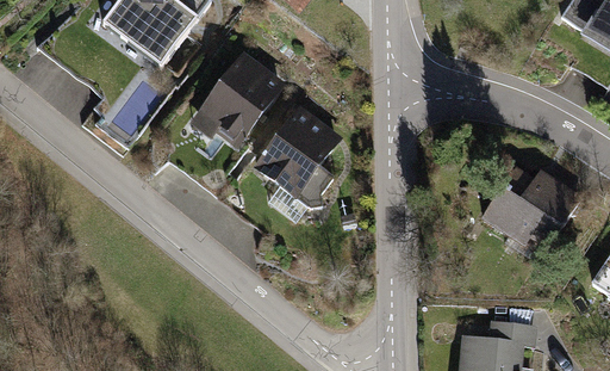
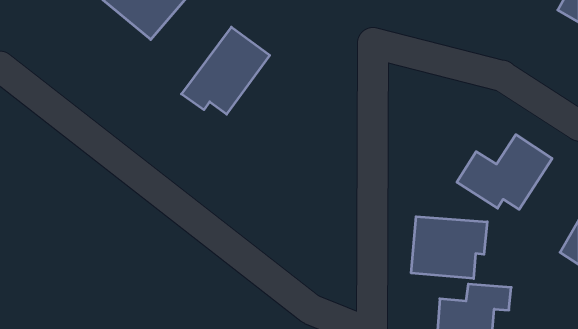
building: [254,104,343,197] -> none
building: none -> [411,217,487,279]

